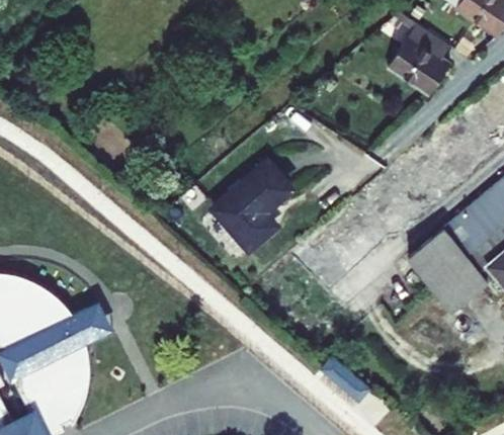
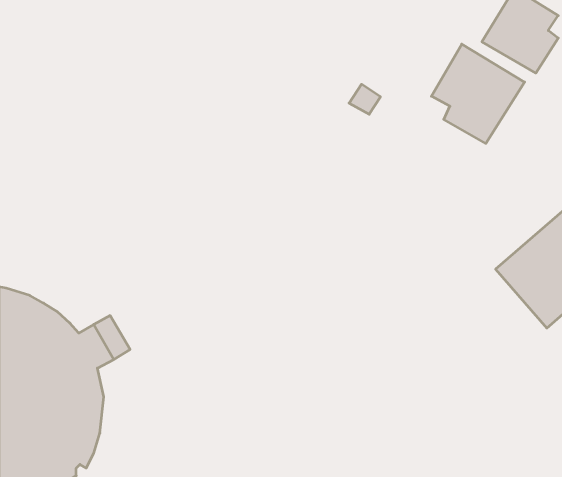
building: none -> [431,44,525,143]
building: [221,155,293,239] -> none

